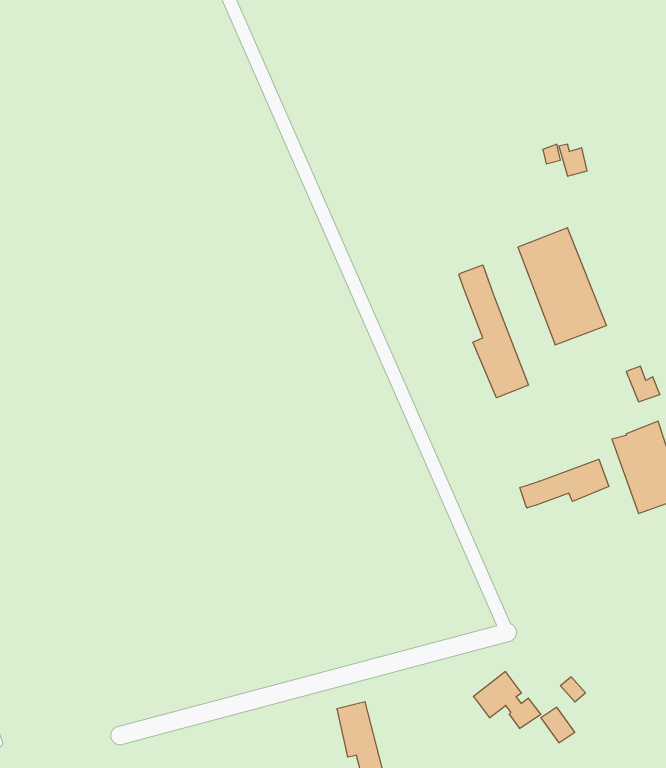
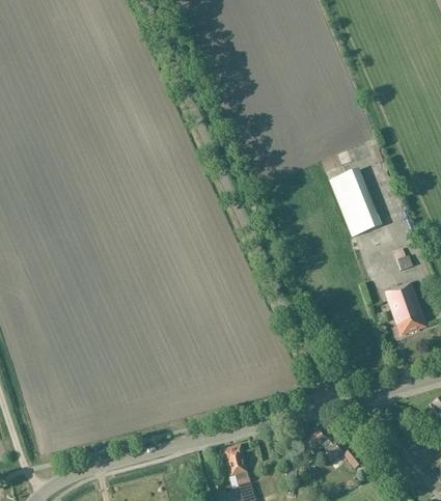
building: [459,265,529,398] -> none
building: [520,459,609,508] -> none

